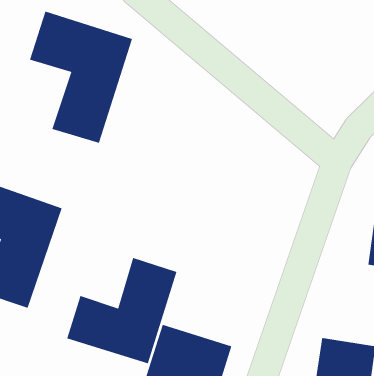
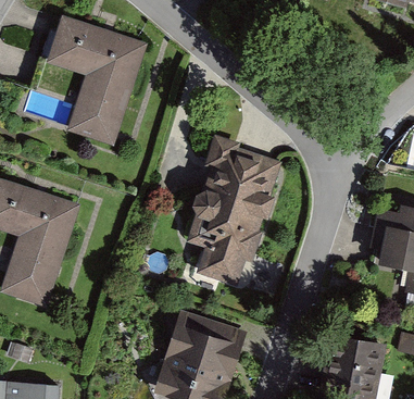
building: none -> [188,141,283,288]
building: [67,257,177,364] -> none

